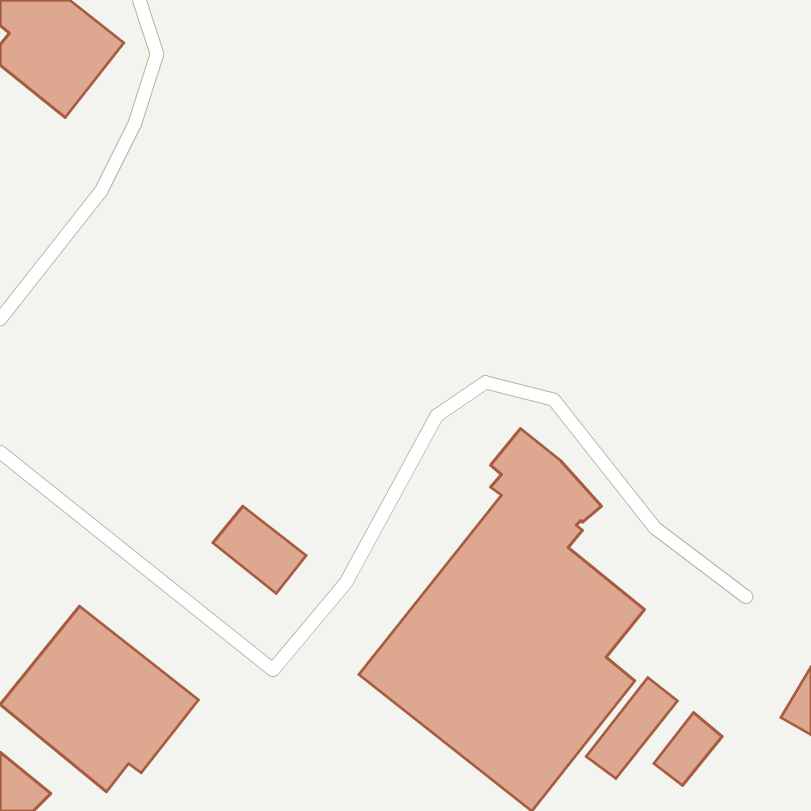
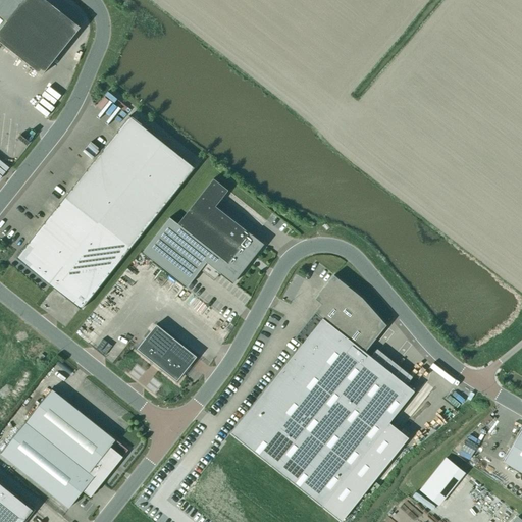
building: none -> [16,116,194,310]
building: none -> [143,178,262,286]
building: [586,677,677,778] -> none

